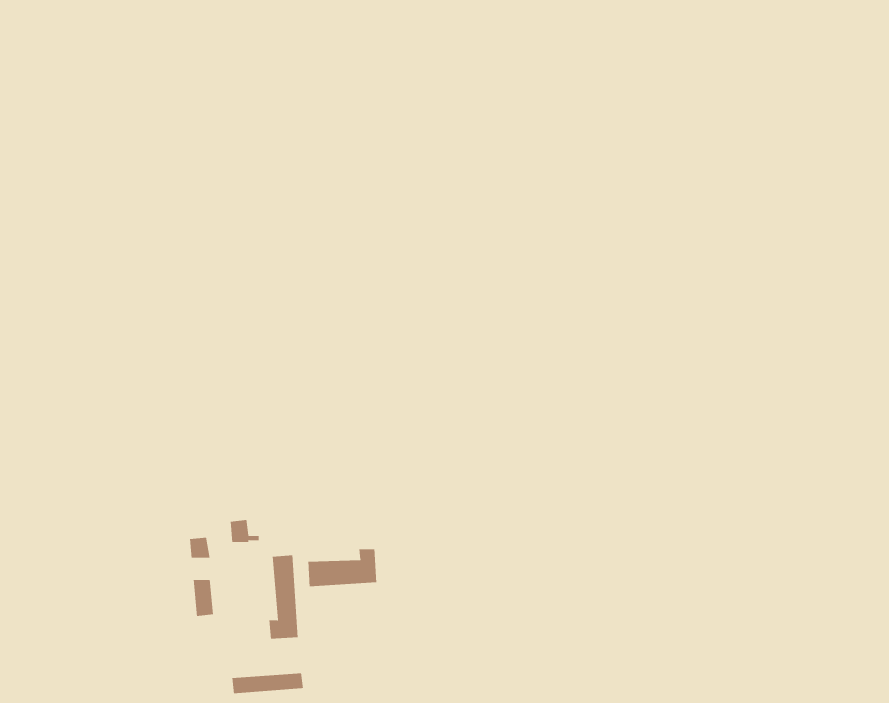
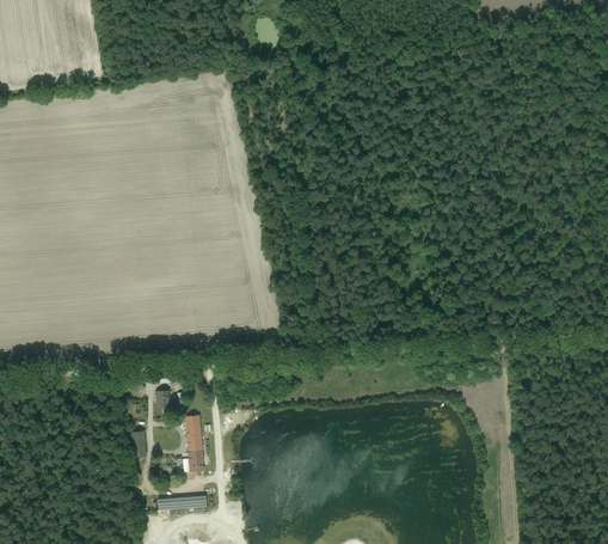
building: [308,548,377,587] -> none

